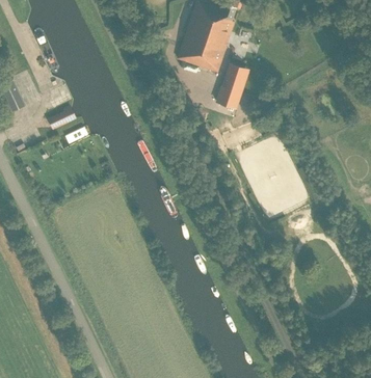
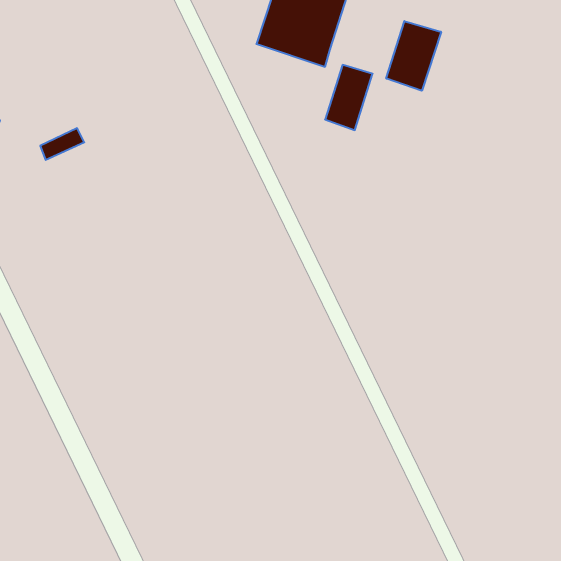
building: none -> [386,21,441,91]

